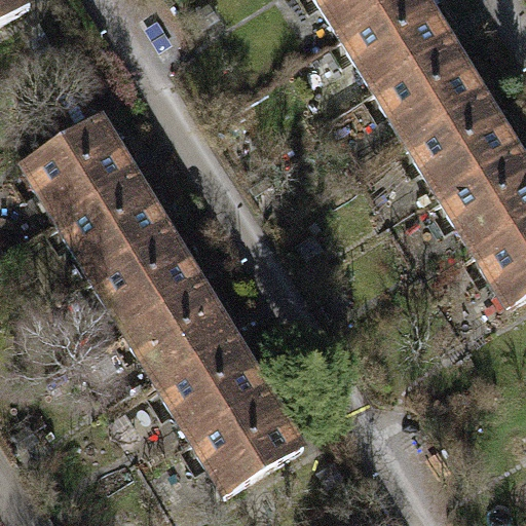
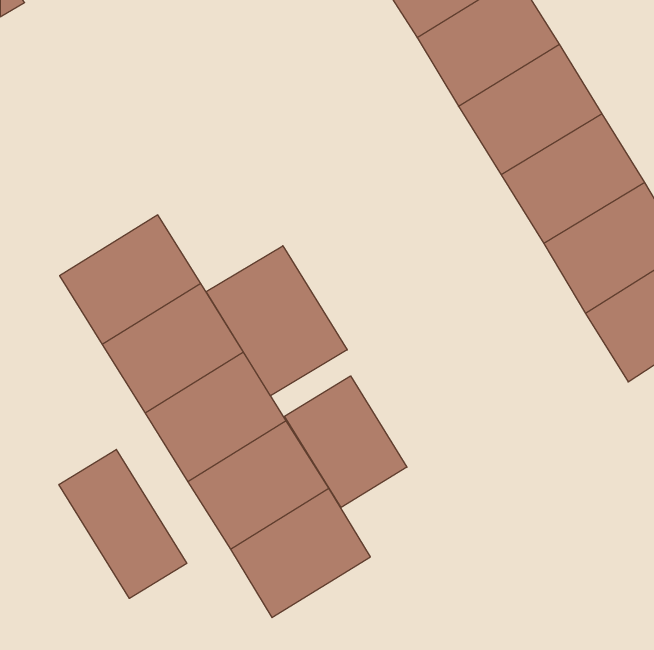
building: [21,116,132,219] -> none
building: none -> [206,246,347,396]
building: none -> [285,376,407,508]
building: none -> [59,449,187,598]

